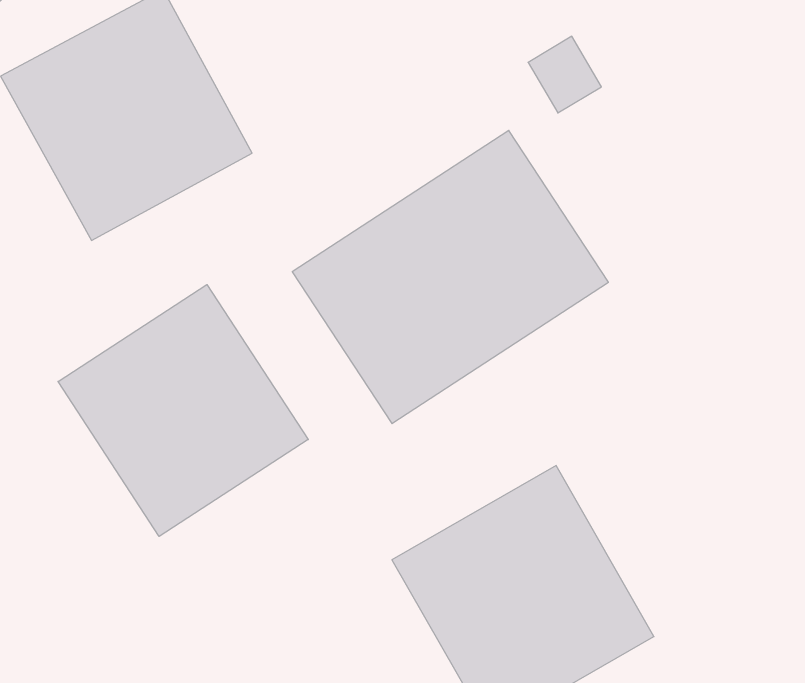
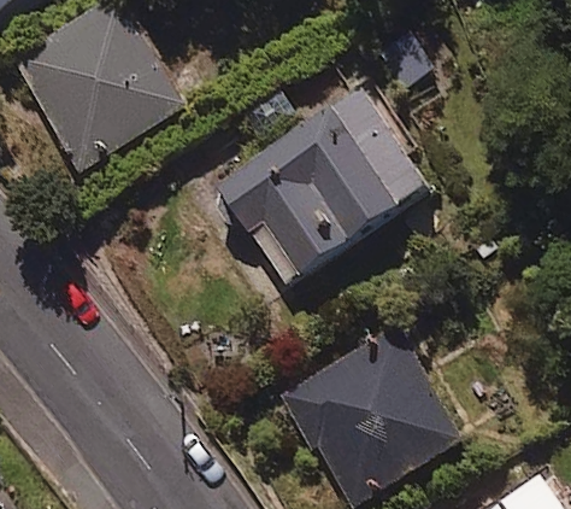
building: [58,285,308,536] -> none

